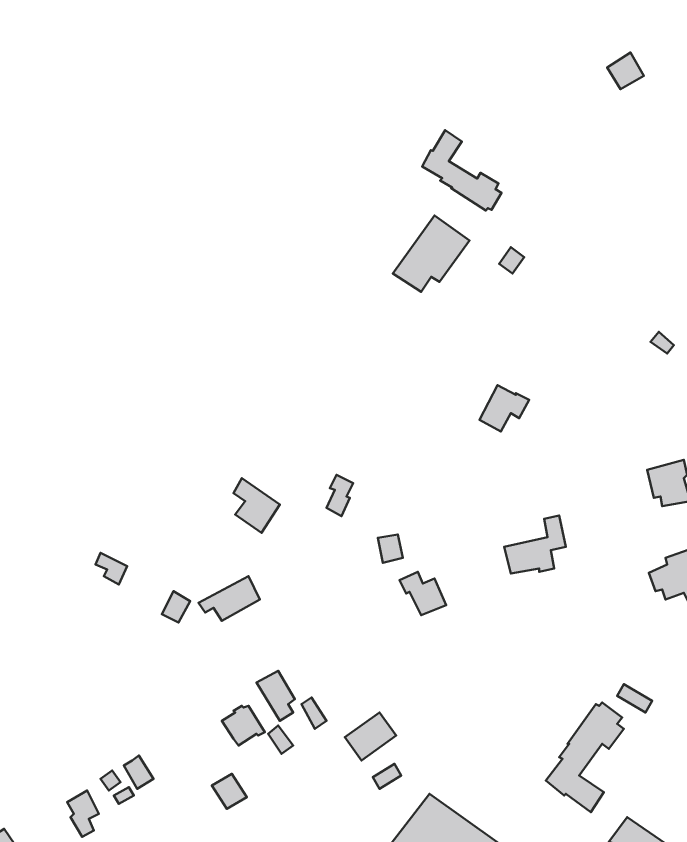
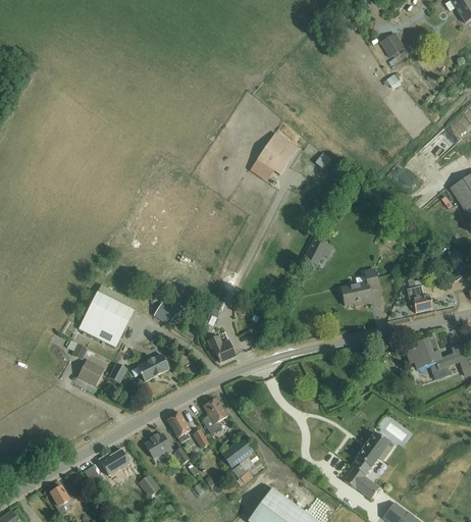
building: [422,130,501,210] -> none
building: none -> [77,284,132,348]
building: [504,515,566,574] -> [341,269,378,305]
building: [400,572,446,615] -> [207,335,235,362]
building: none -> [77,360,104,386]
building: none -> [202,399,226,434]
building: none -> [99,450,129,476]

